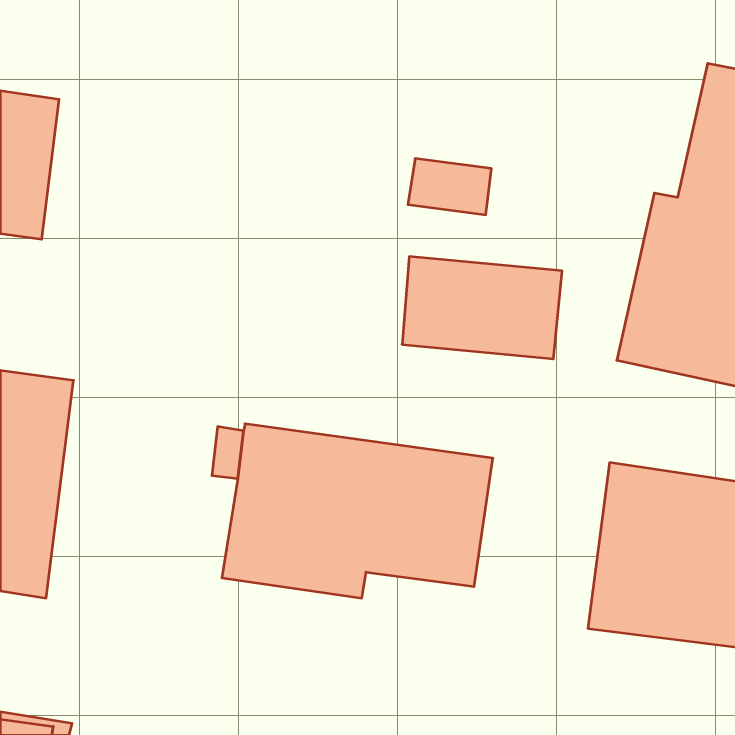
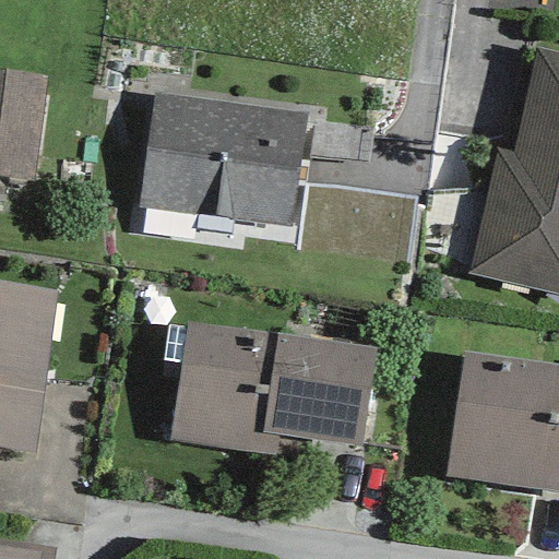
building: none -> [140,95,305,225]

